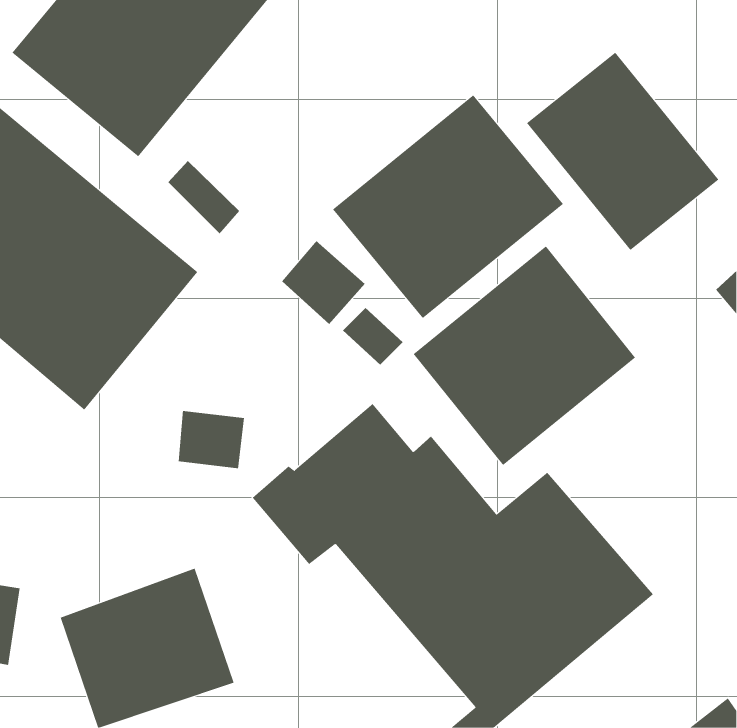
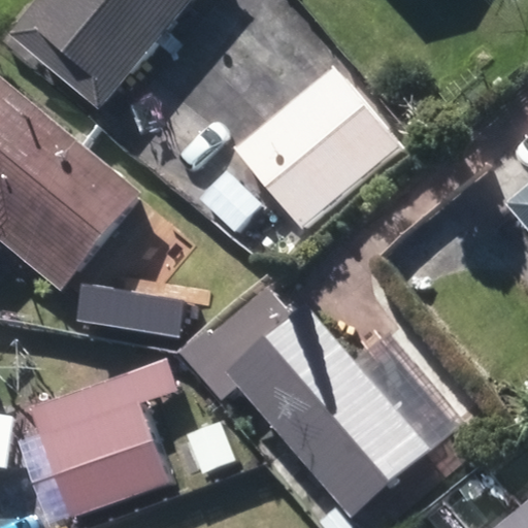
building: [526,52,719,251] -> none
building: [413,246,636,466] -> none

